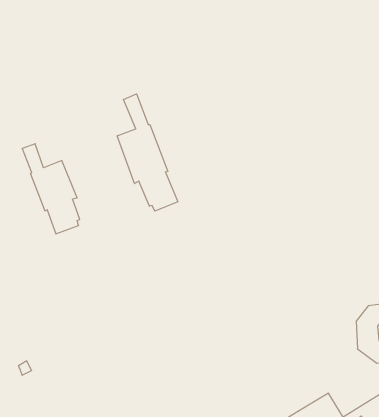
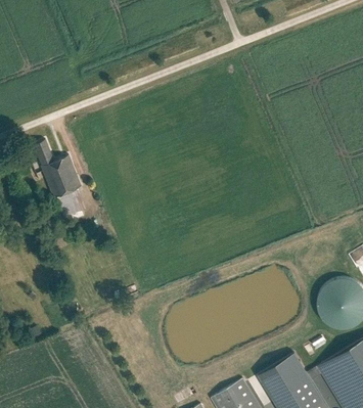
building: [117,94,178,211] -> none

